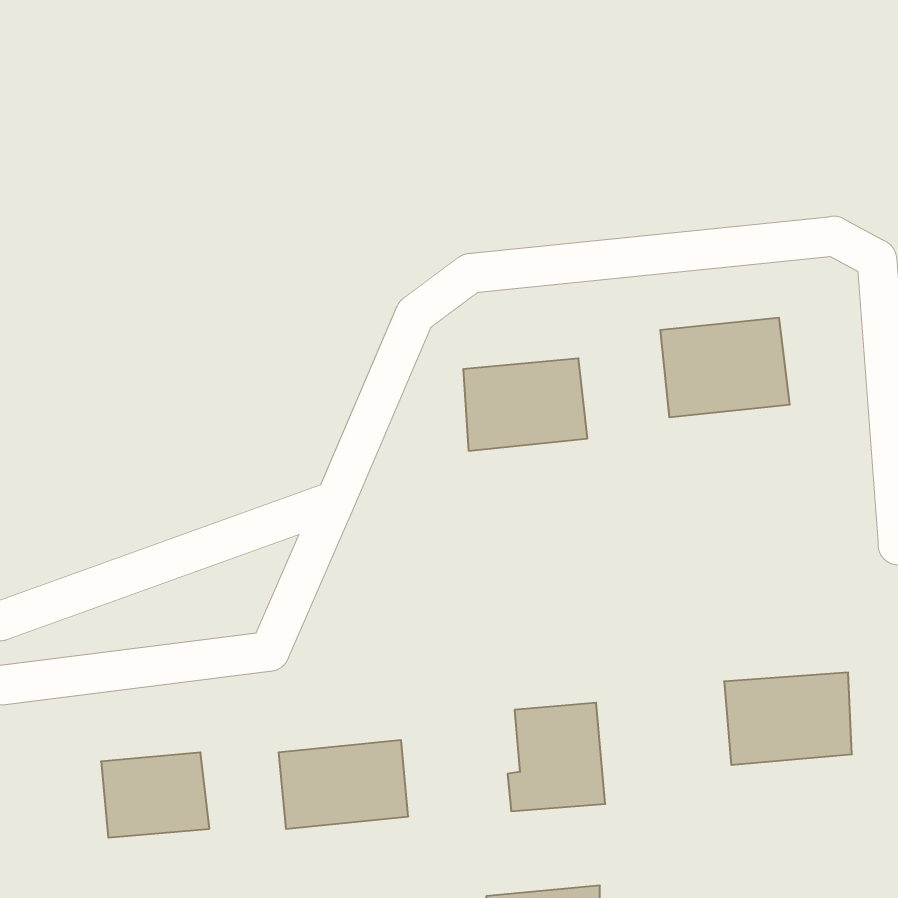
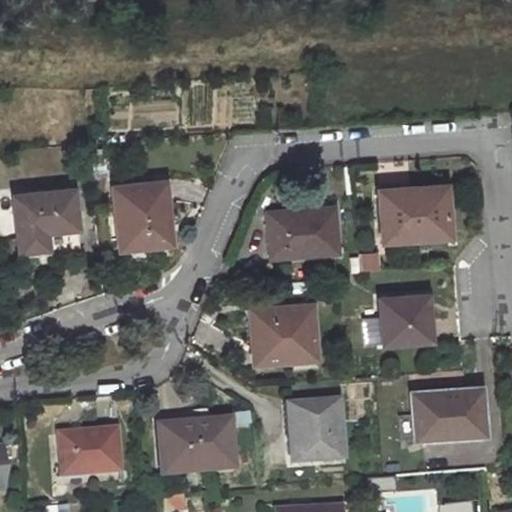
building: none -> [116,186,182,255]
building: none -> [16,195,80,258]
building: none -> [379,293,432,341]
building: none -> [251,304,316,364]

